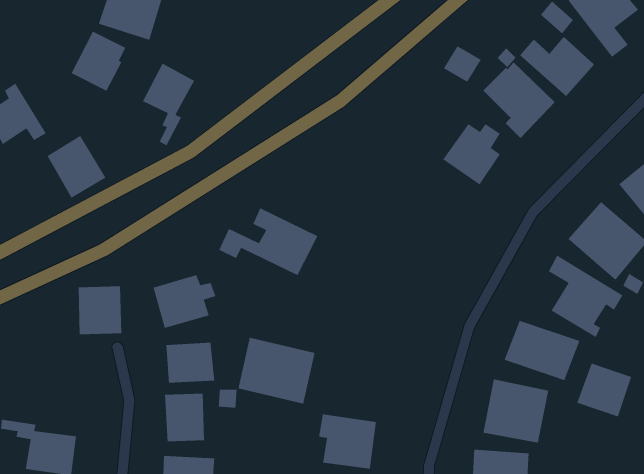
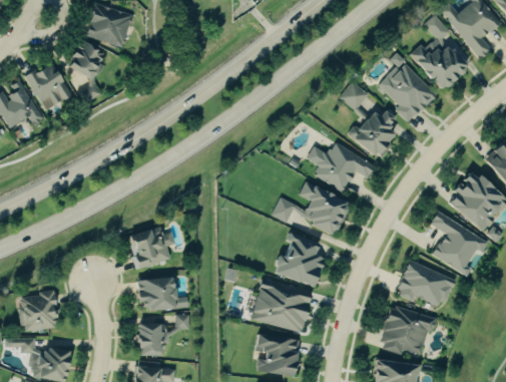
building: [443,45,482,83] -> [341,81,371,110]
building: [142,63,195,146] -> none
building: [46,135,106,199] -> [28,61,74,110]
building: none -> [315,141,376,192]
building: [218,207,319,276] -> [274,182,351,236]
building: none -> [275,233,325,287]
building: [78,286,122,335] -> [23,293,57,331]
building: [237,337,316,405] -> [251,280,312,332]
building: [576,363,632,417] -> none

